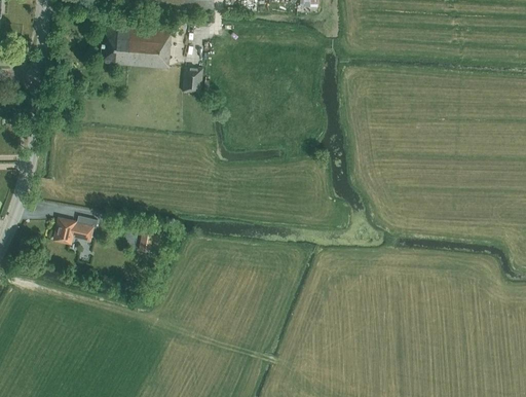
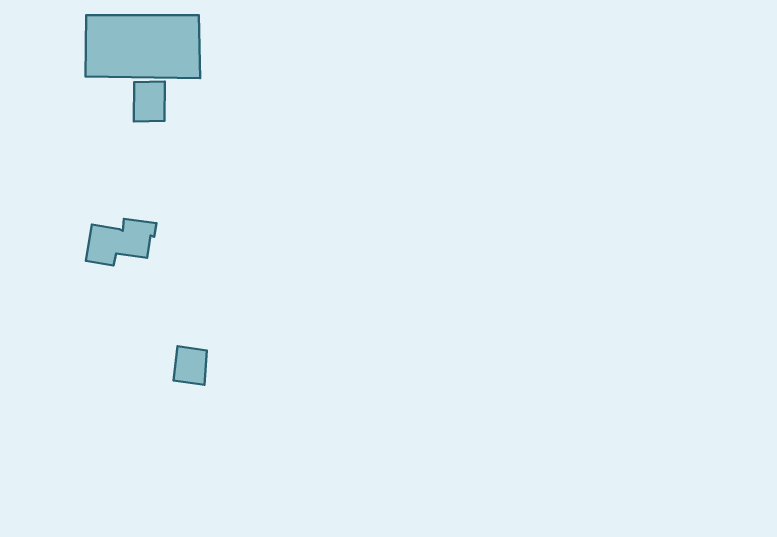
building: [182,67,202,92] -> [134,81,165,121]
building: [53,215,98,243] -> [86,219,157,266]

